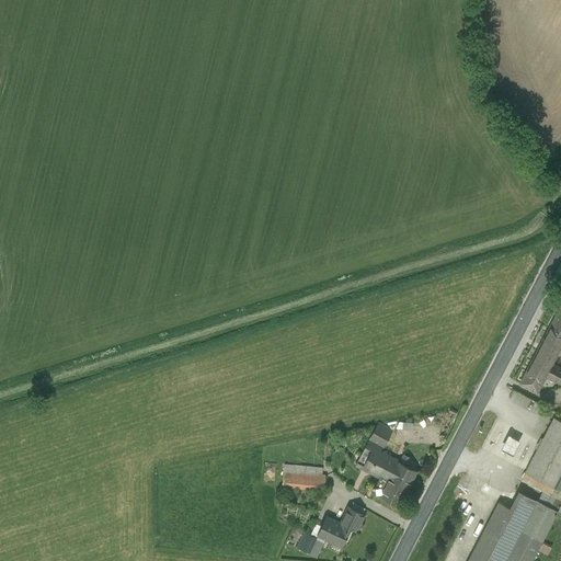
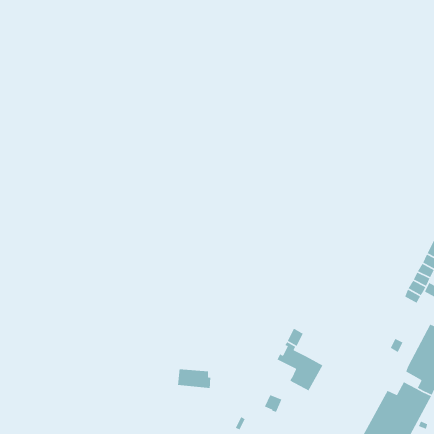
building: [283,465,327,491] -> [177,368,211,389]
building: [318,518,351,547] -> none

